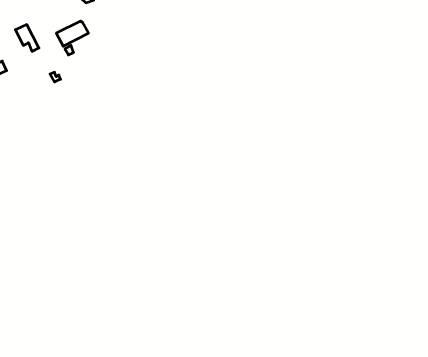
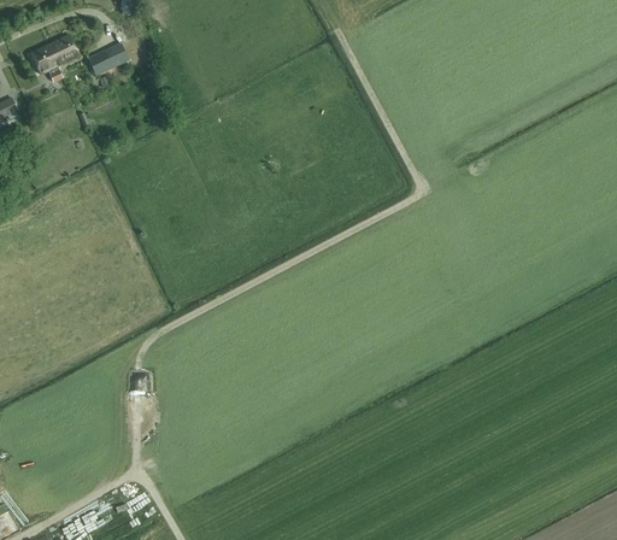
building: none -> [43,35,76,78]

